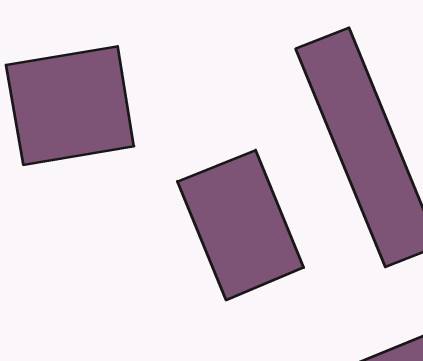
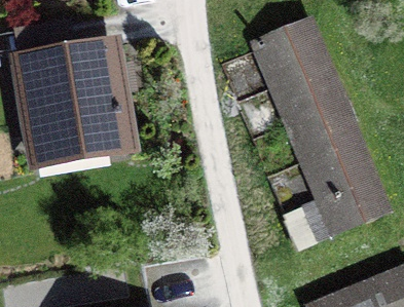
building: [177,150,304,300] -> none

